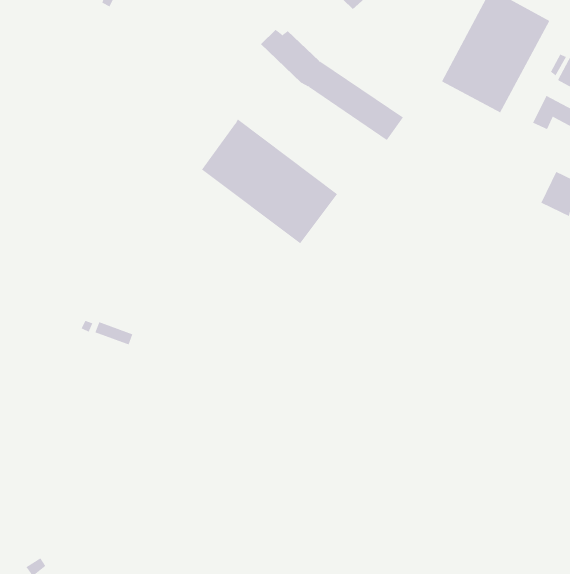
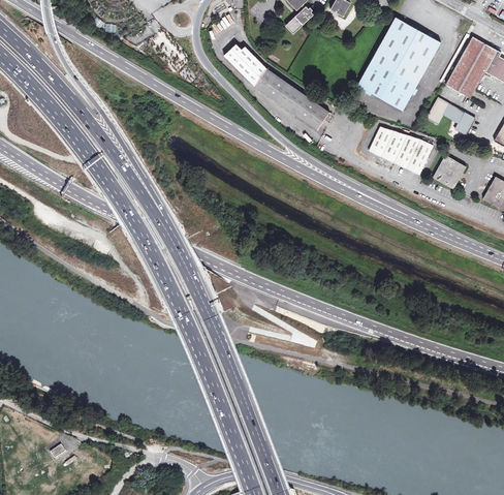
building: [201,119,338,244] -> none
building: none -> [370,127,435,175]

